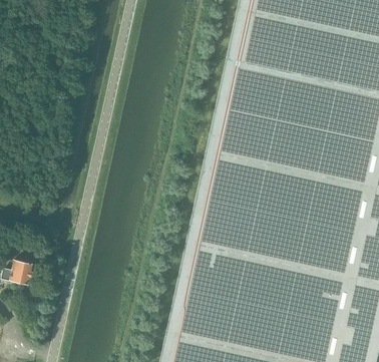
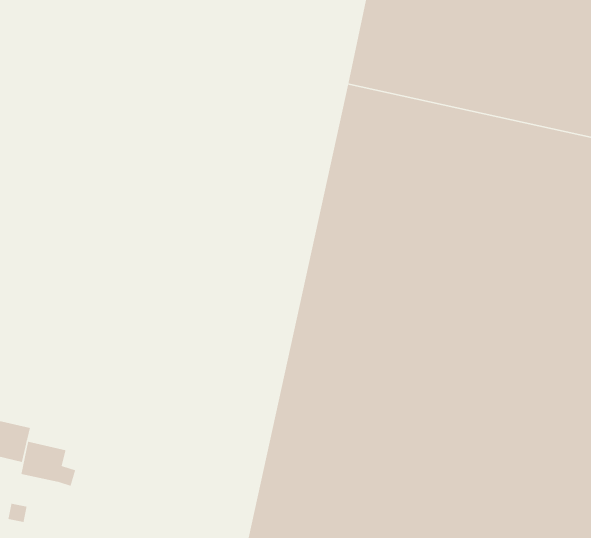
building: none -> [20,441,76,487]

